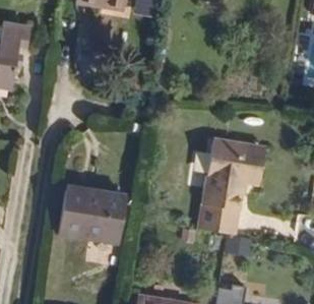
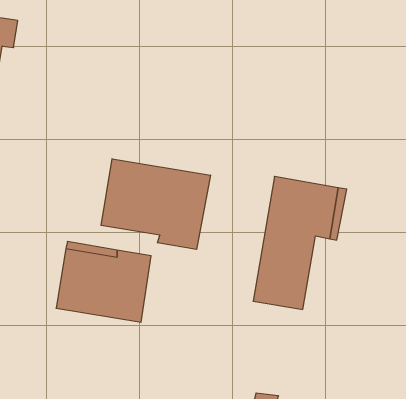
building: none -> [101,159,210,249]

